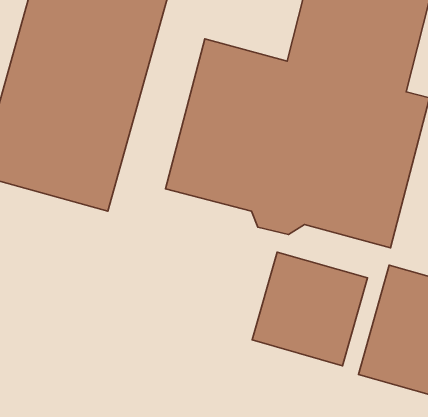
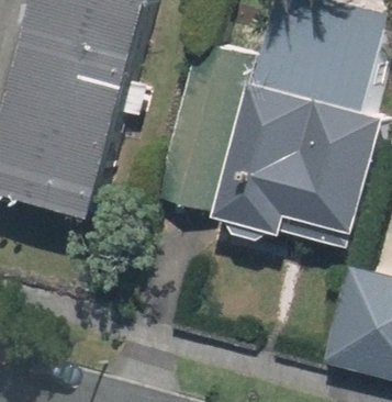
building: [252,252,367,366] -> none

